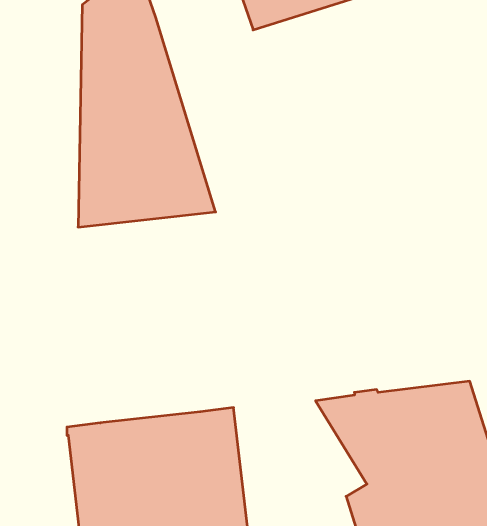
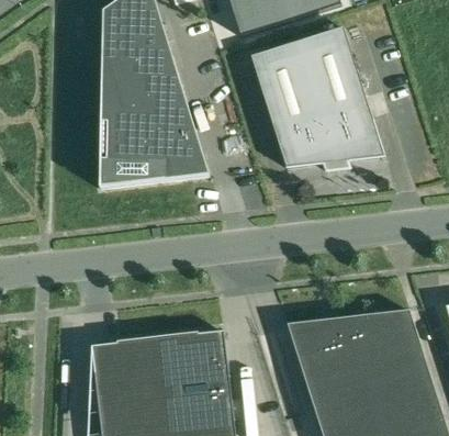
building: none -> [250,25,384,169]

